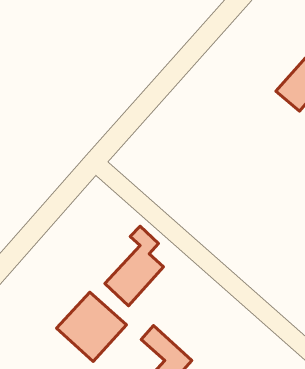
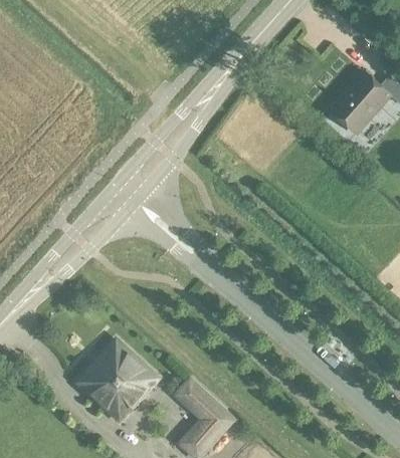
building: [105,226,164,306] -> none

